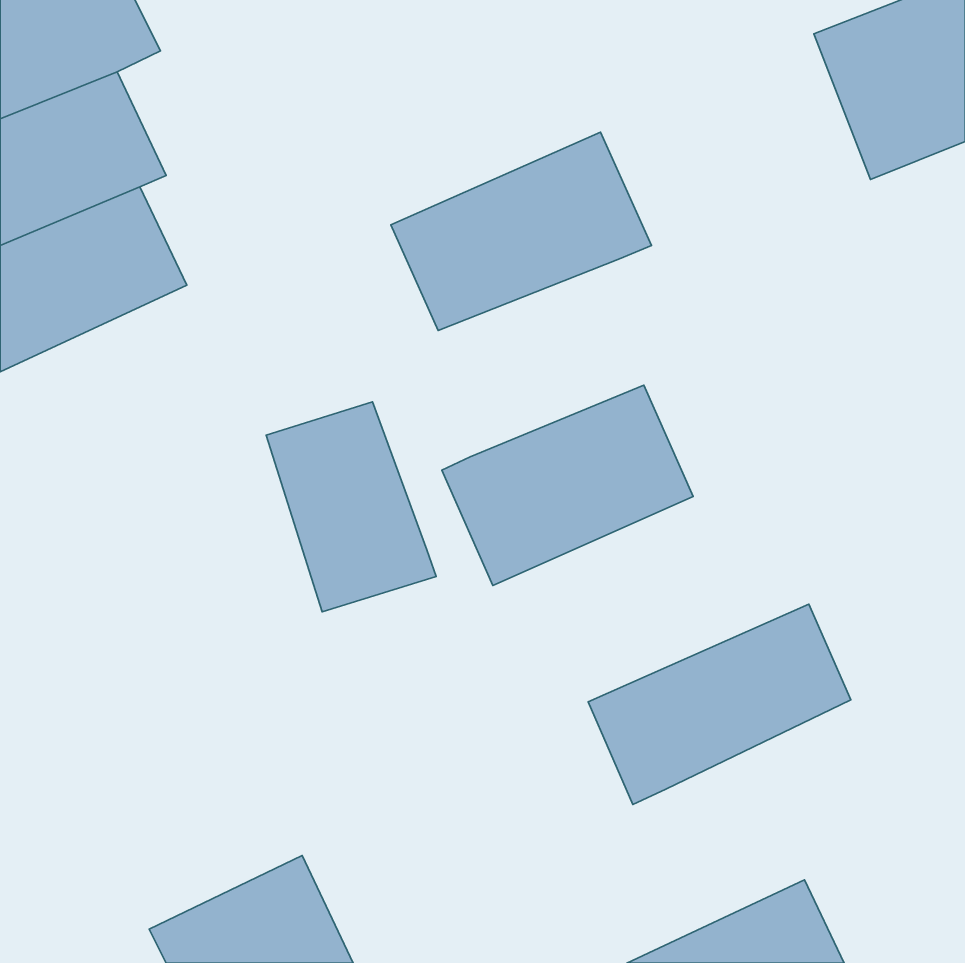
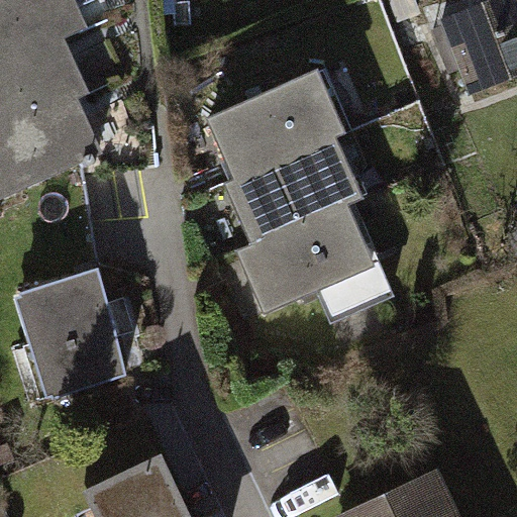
building: none -> [223,138,358,244]
building: [266,402,436,612] -> none
building: none -> [17,271,128,398]
building: [588,604,851,805] -> none

